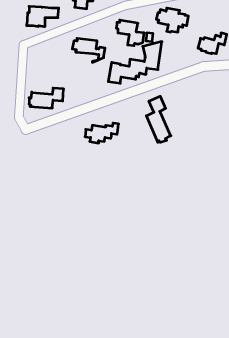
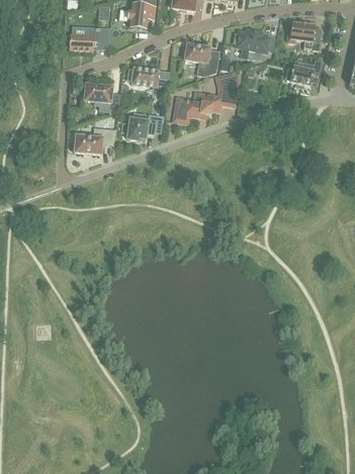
building: none -> [286,21,320,49]
building: none -> [84,82,119,108]
building: [146,96,171,142] -> none
building: [85,123,119,143] -> [120,113,163,138]

